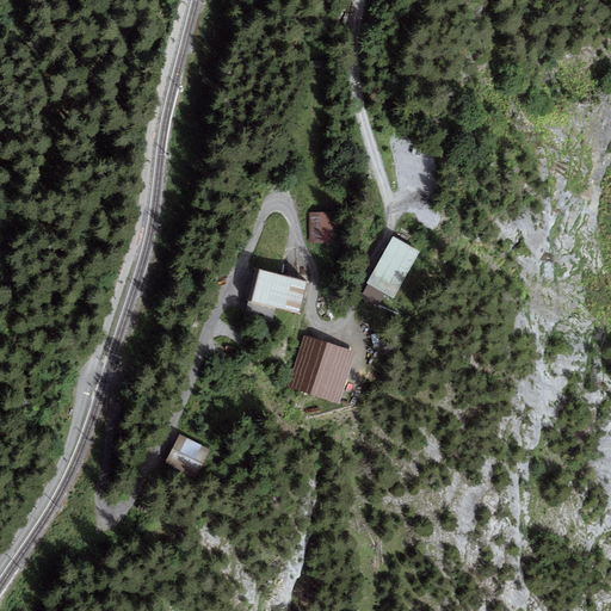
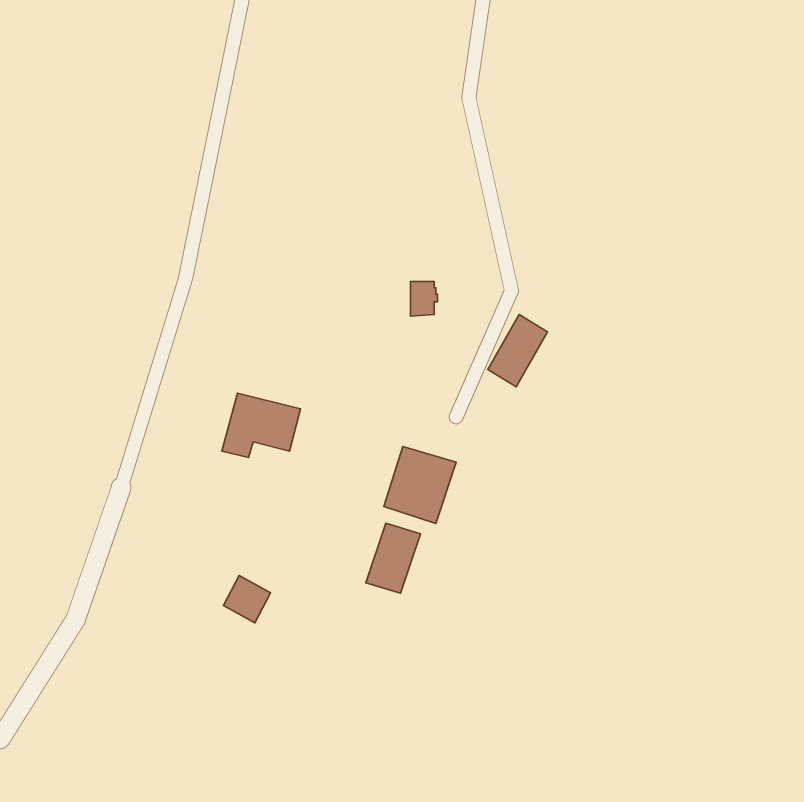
building: [248,269,308,317] -> [222,393,300,458]
building: none -> [366,523,420,593]

